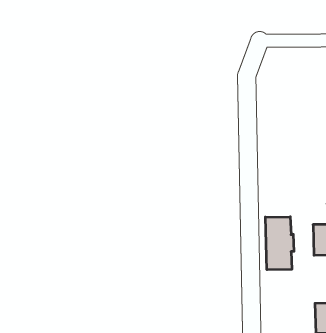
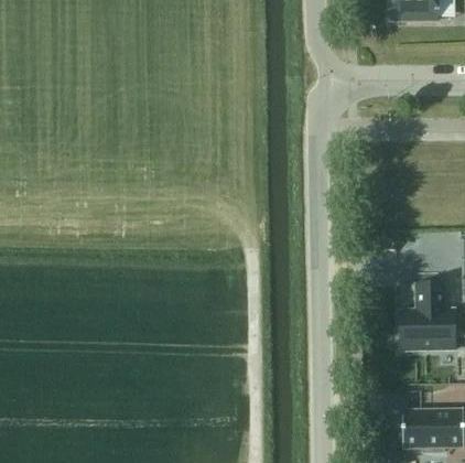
building: [265,217,294,270] -> none

